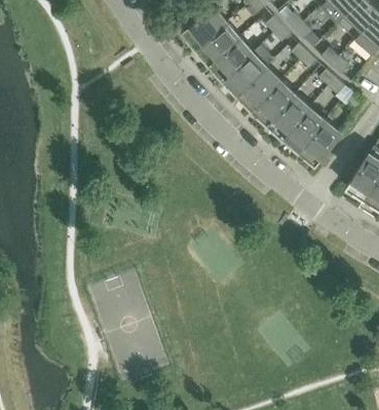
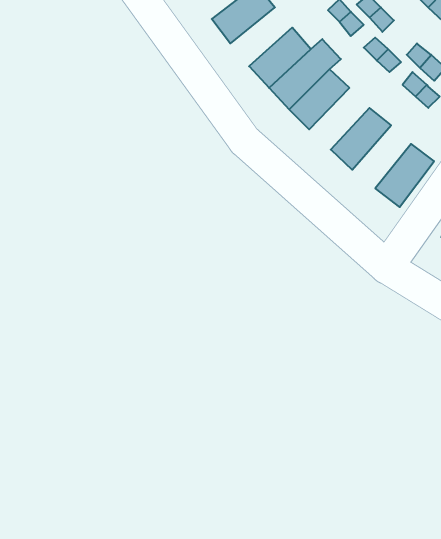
building: [196,23,240,65] -> none
building: [253,80,296,124] -> none
building: [283,107,326,152] -> none

